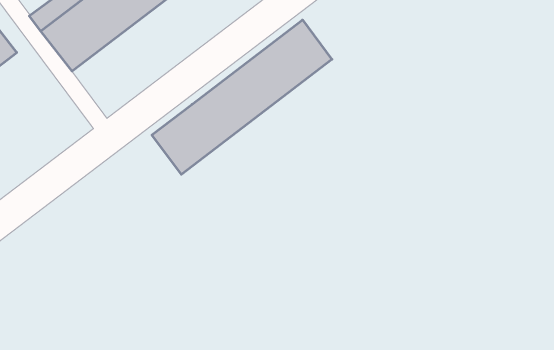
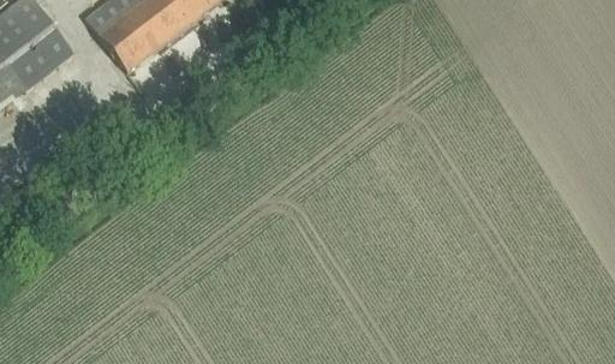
building: [152,20,332,174] -> none

